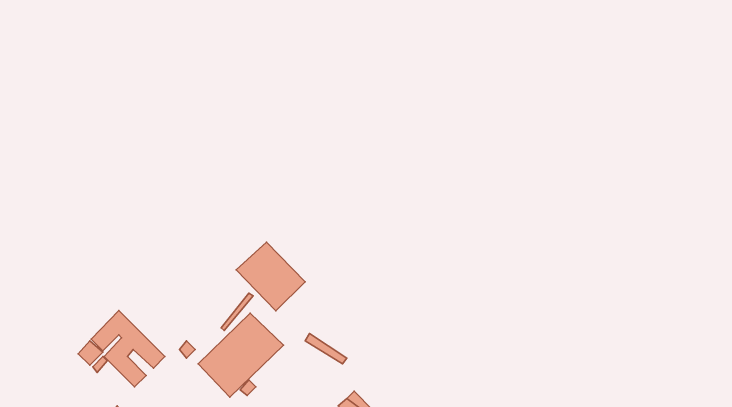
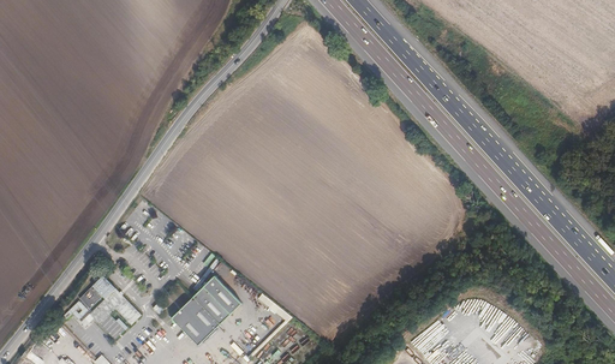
building: [236,242,305,311] -> none

